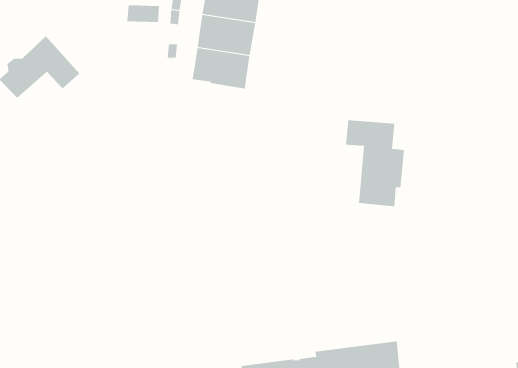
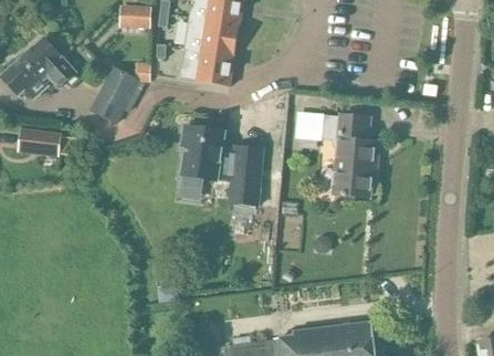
building: none -> [91,65,139,123]
building: none -> [182,126,264,205]
building: none -> [18,127,62,156]

